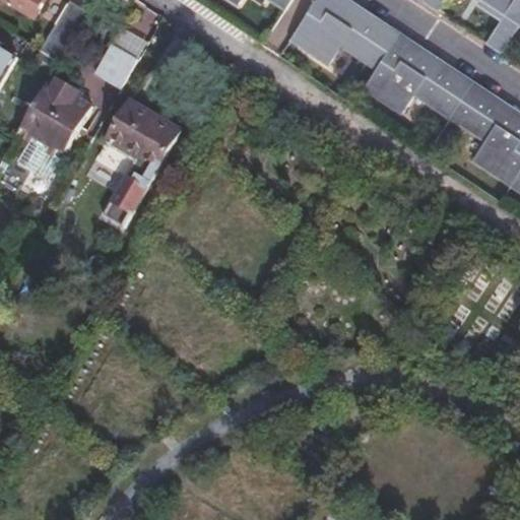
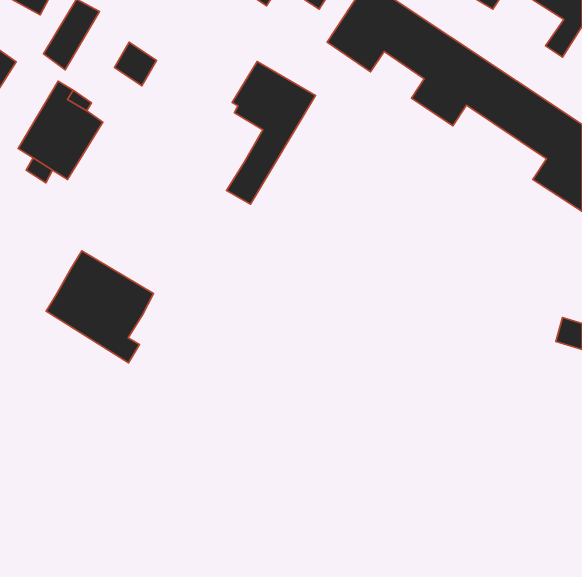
building: [100,101,179,228] -> [226,61,316,204]
building: none -> [46,251,153,363]

